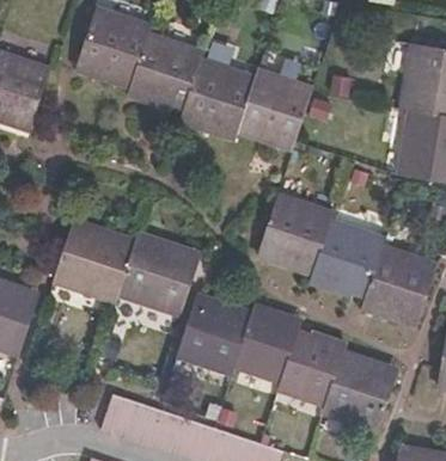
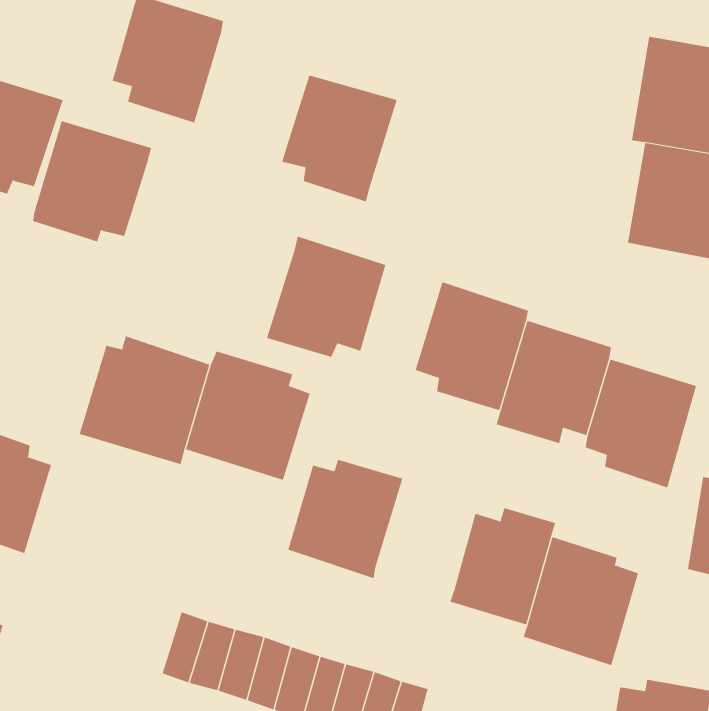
building: [126,35,200,110] -> [32,121,152,242]
building: [236,67,310,142] -> [266,236,386,357]
building: [239,303,303,380] -> none

